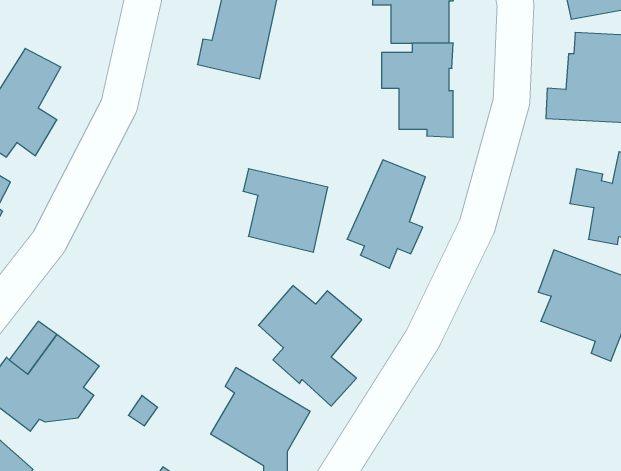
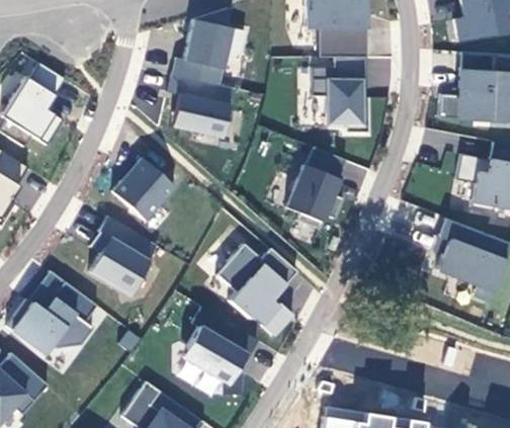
building: [243,169,328,252] -> [168,75,233,139]
building: none -> [112,157,175,220]
building: none -> [90,217,157,289]

